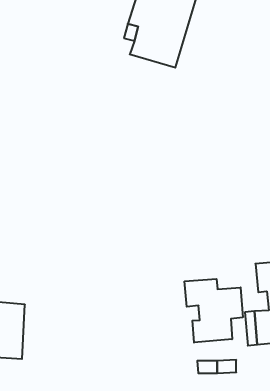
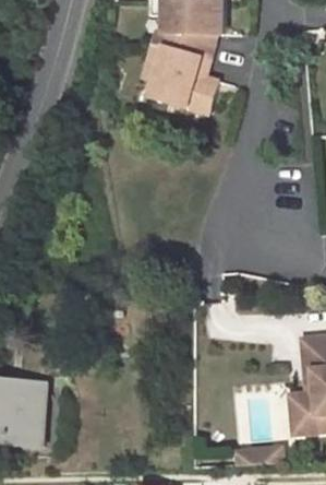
building: [185,279,243,343] -> none

